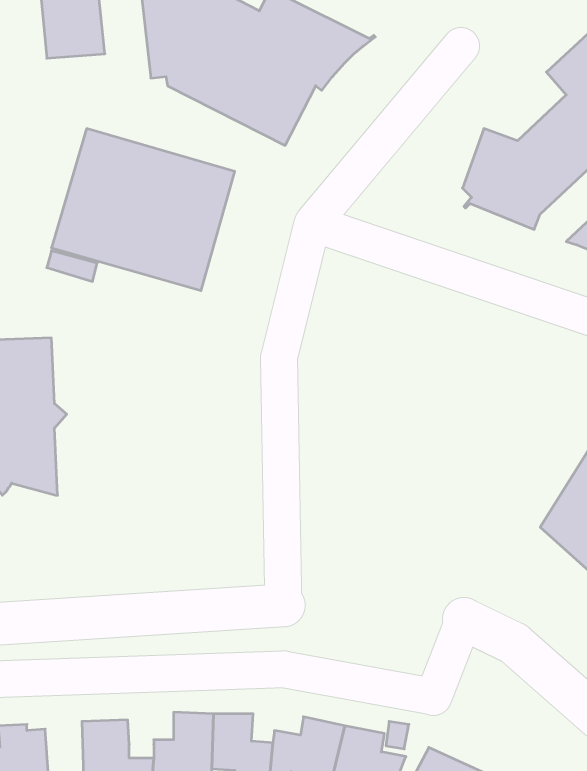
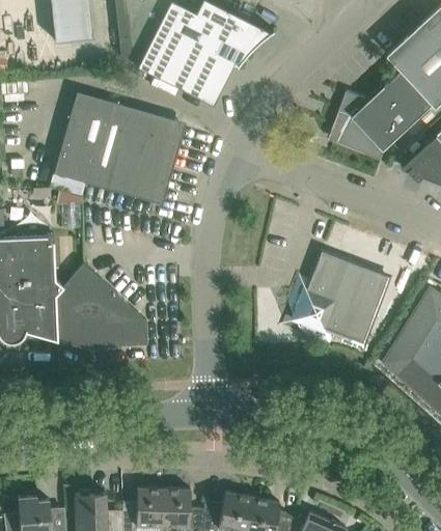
building: none -> [288,252,388,345]
building: none -> [56,263,147,347]

